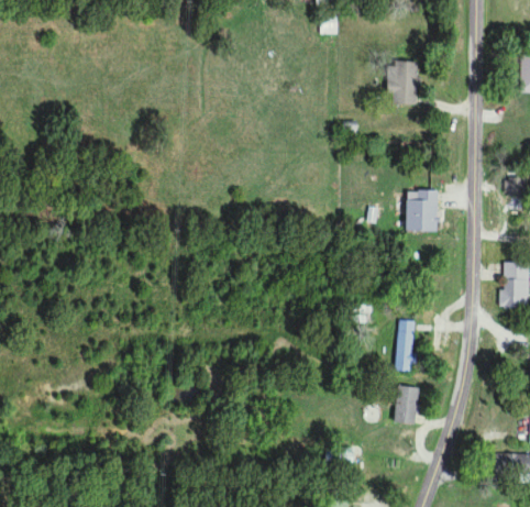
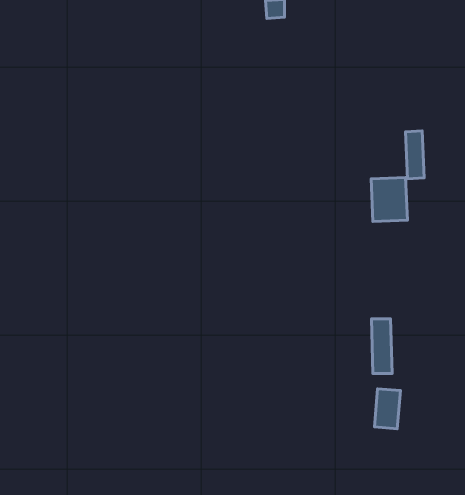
building: [387,62,418,104] -> none
building: none -> [405,131,424,179]

